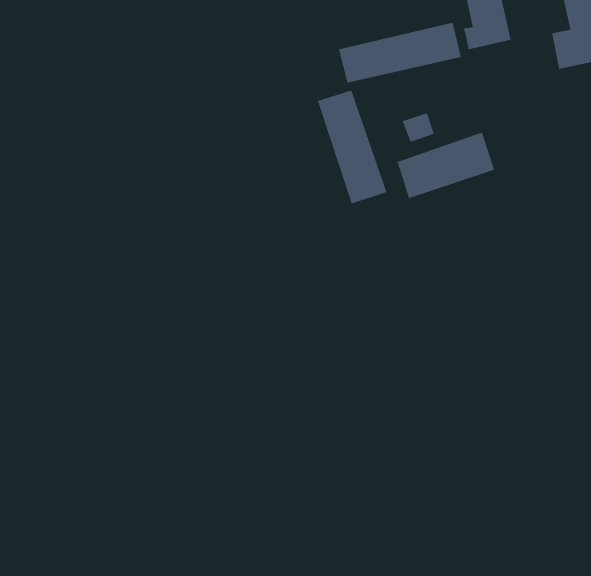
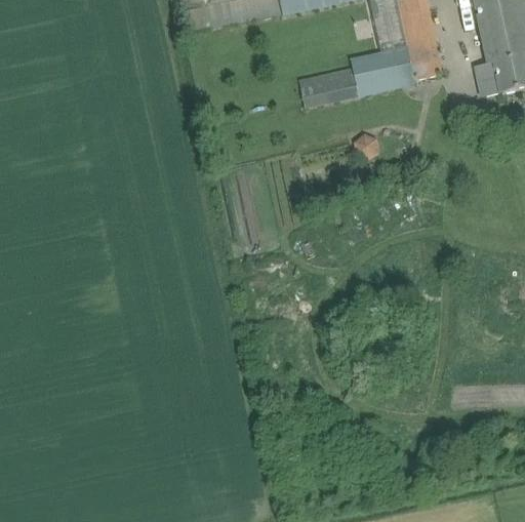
building: [317,89,388,204] -> none
building: [396,131,495,199] -> none

